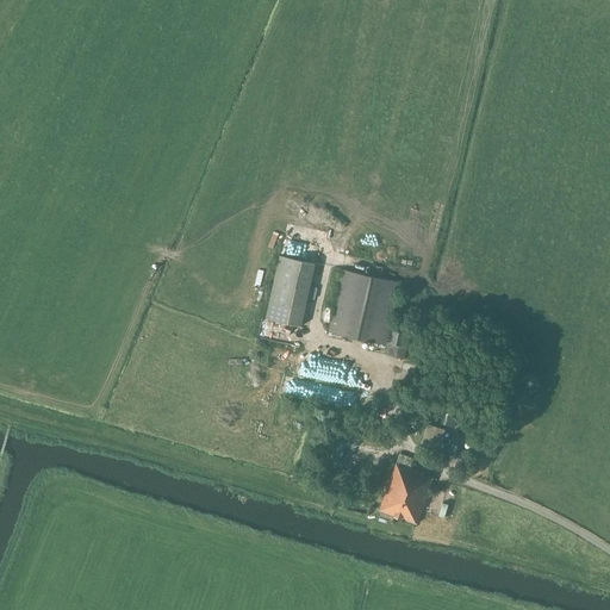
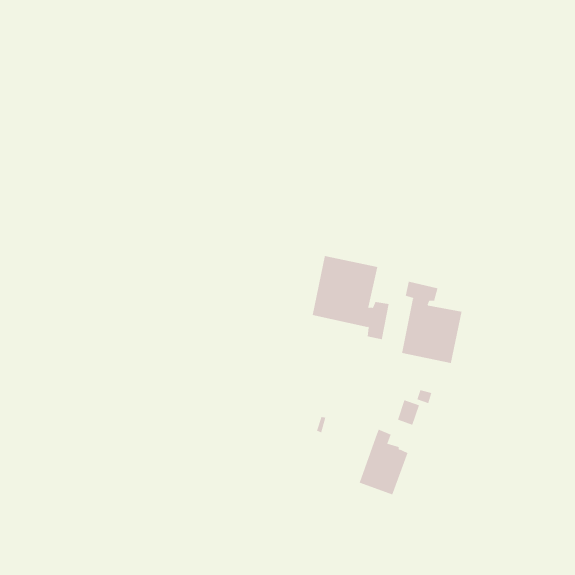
building: [268,257,316,326] -> none
building: none -> [402,281,462,364]

